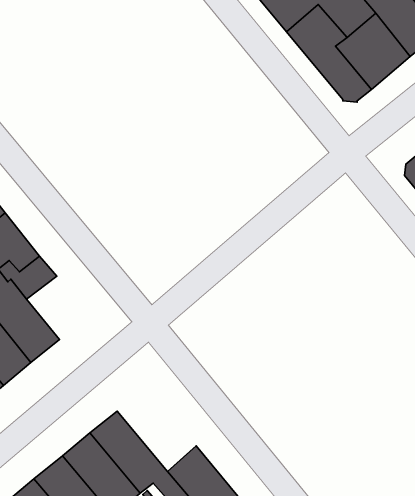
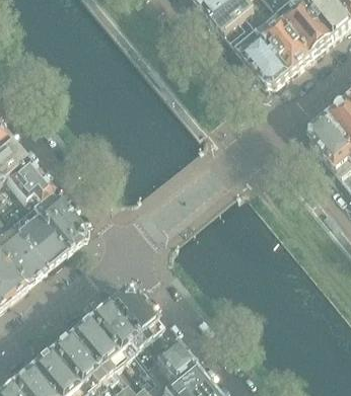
building: none -> [43,208,82,252]
building: none -> [107,290,162,345]

